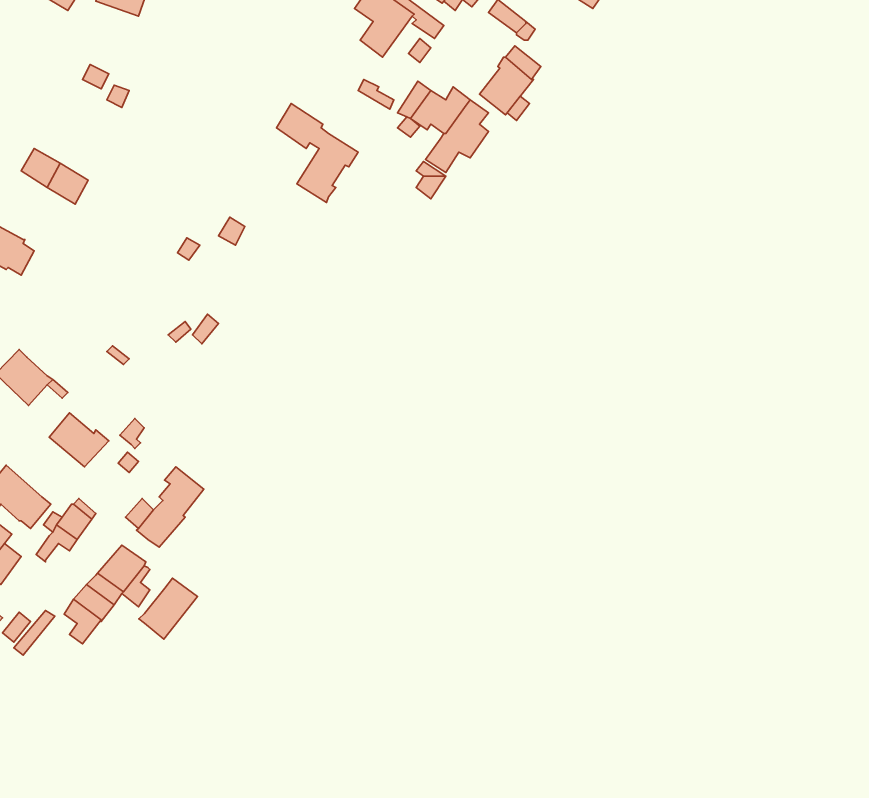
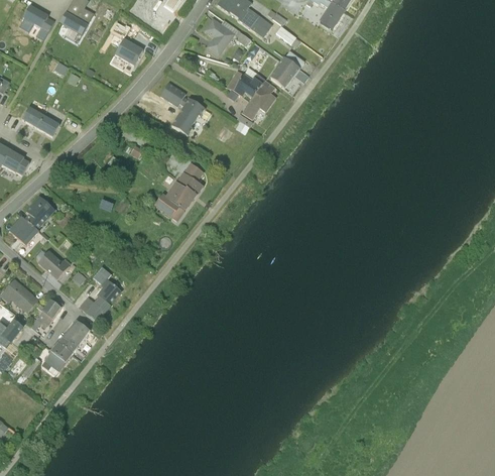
building: none -> [117,39,145,66]
building: none -> [153,161,204,220]
building: none -> [25,197,52,229]
building: [139,578,198,639] -> none

